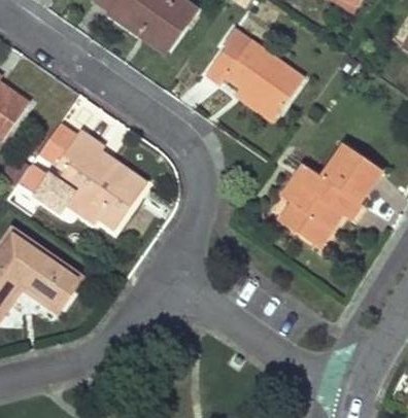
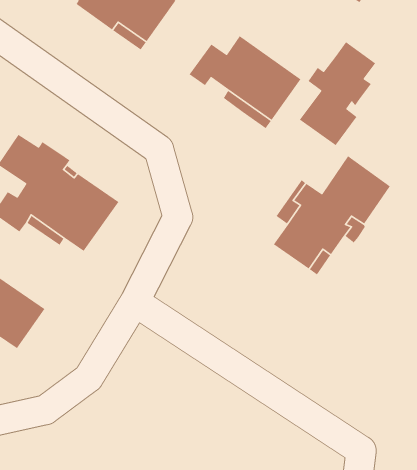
building: none -> [299,41,376,146]

